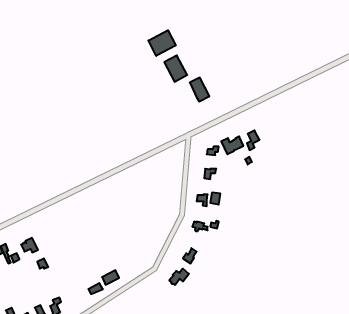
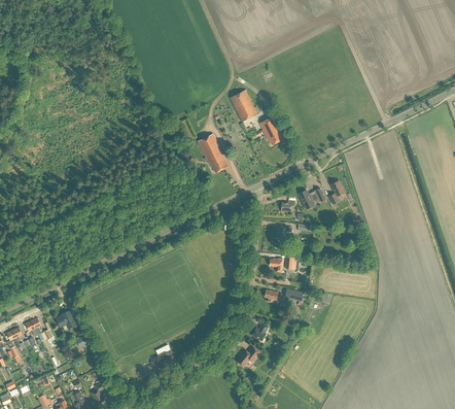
building: [148,30,176,56] -> none
building: none -> [198,134,229,172]

